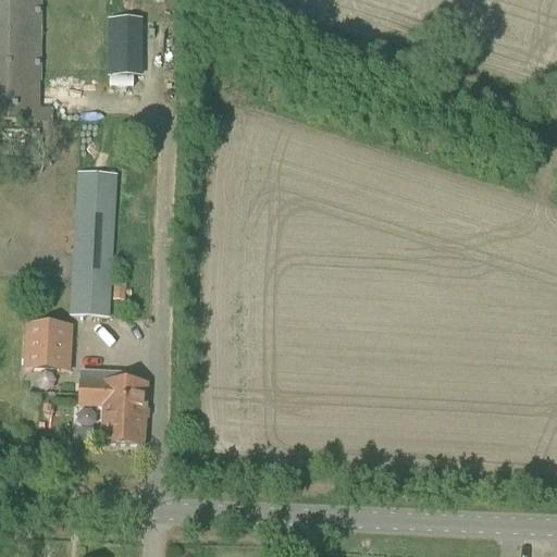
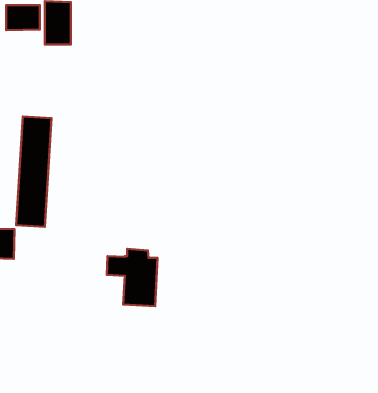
building: none -> [6,5,40,30]
building: [81,369,148,445] -> [107,249,158,306]

